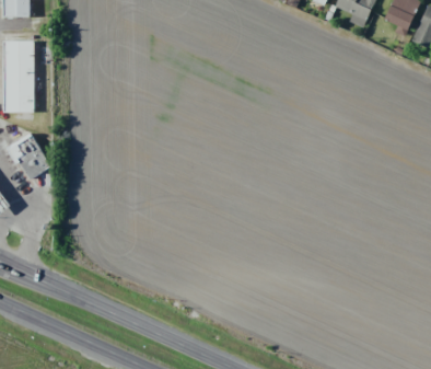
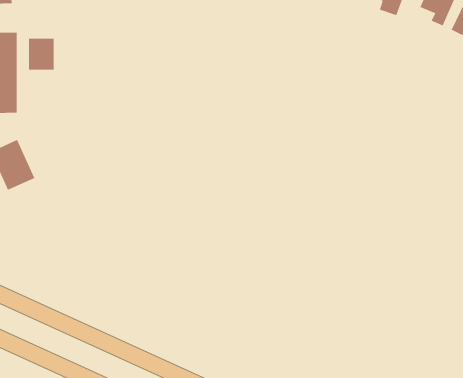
building: none -> [28,38,54,71]

